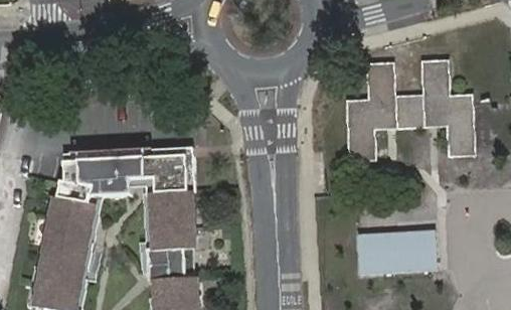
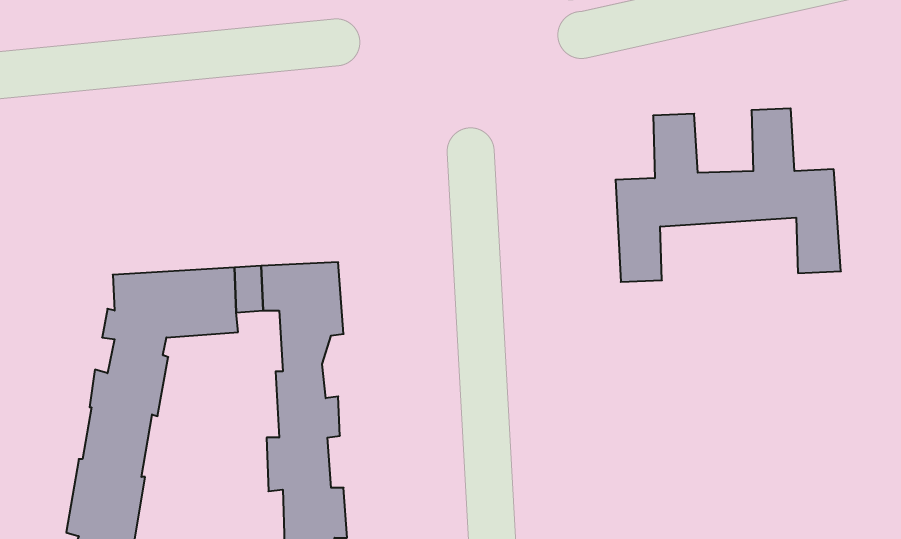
building: [356,227,434,269] -> none

